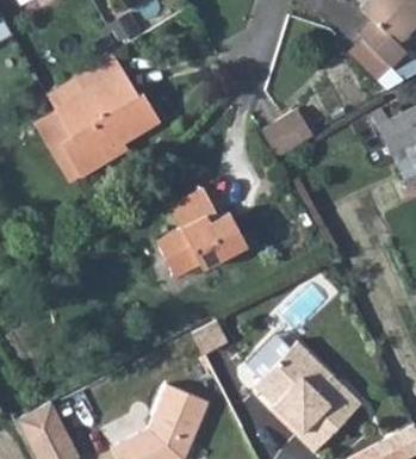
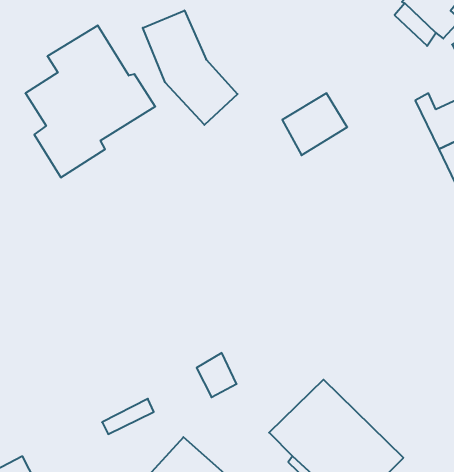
building: none -> [143,10,238,125]
building: [163,194,250,284] -> none

